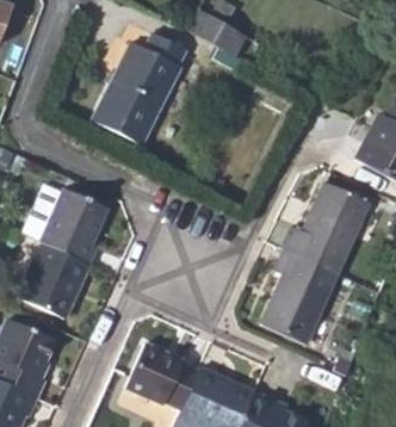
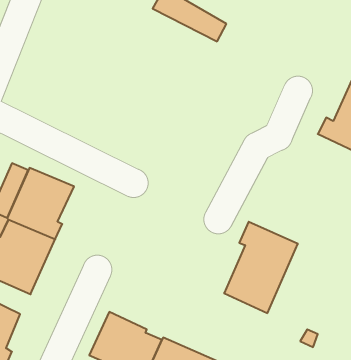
building: [93,35,187,146] -> none
building: [281,179,367,270] -> none

